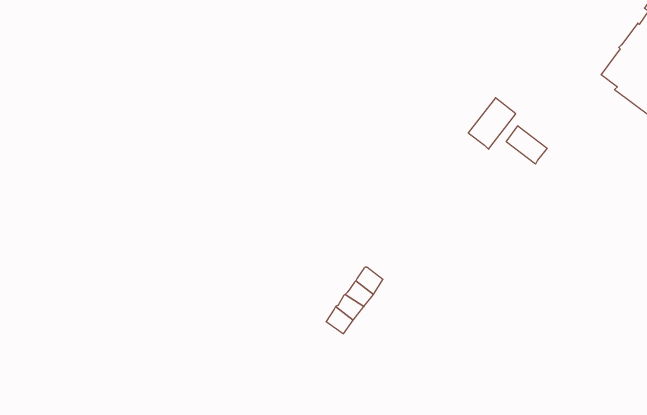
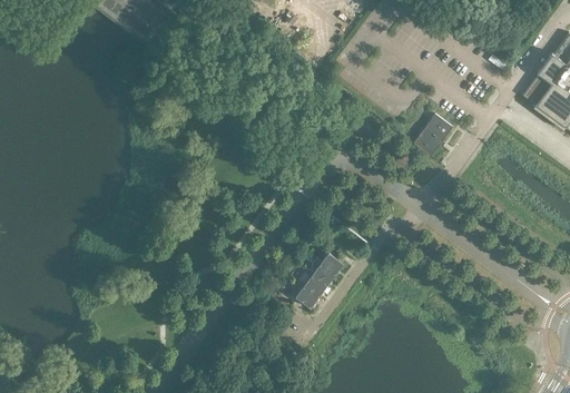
building: [506,126,547,164] -> none

